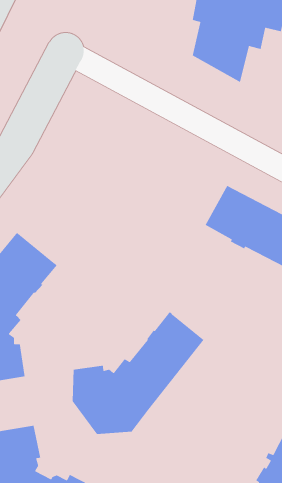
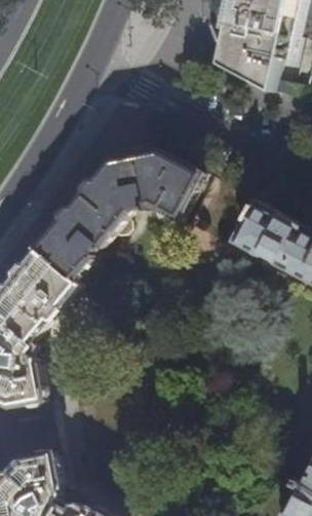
building: none -> [33,149,201,281]
building: [72,311,205,435] -> none

